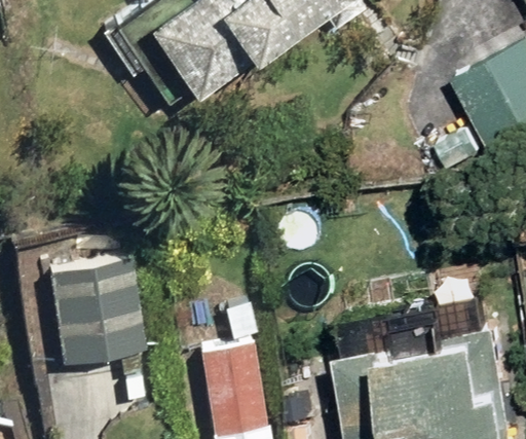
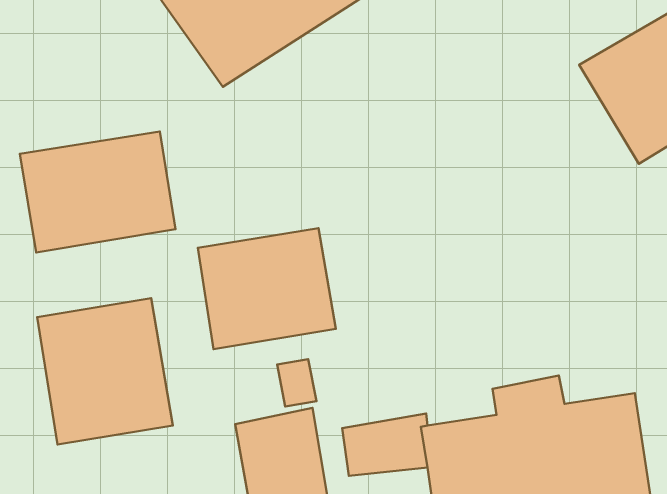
building: none -> [20,131,176,253]
building: none -> [198,228,336,349]

